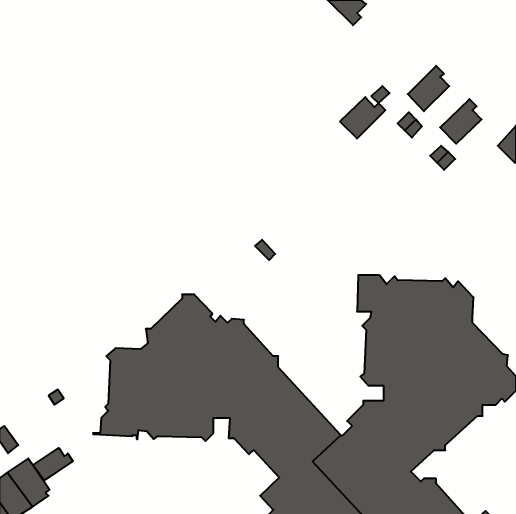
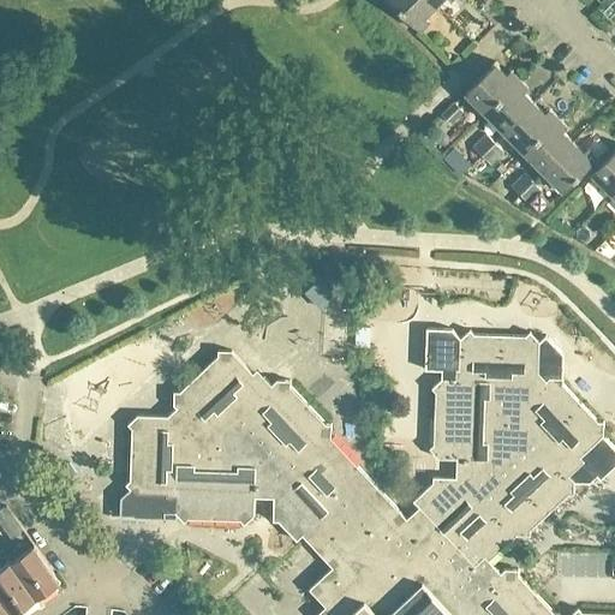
building: none -> [503,106,557,155]
building: [340,97,385,139] -> [464,66,518,115]
building: none -> [542,145,596,195]
building: [33,448,73,481] -> none

